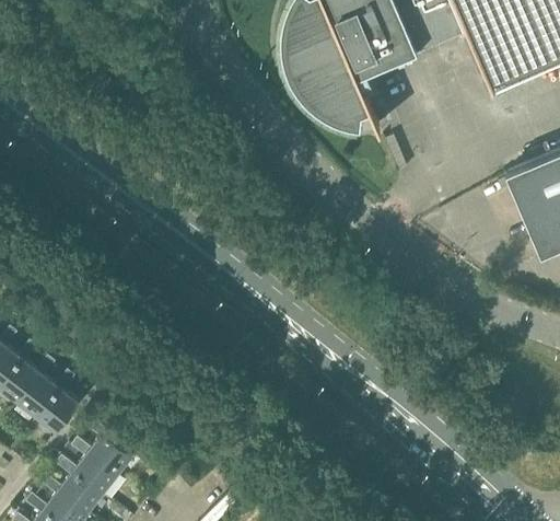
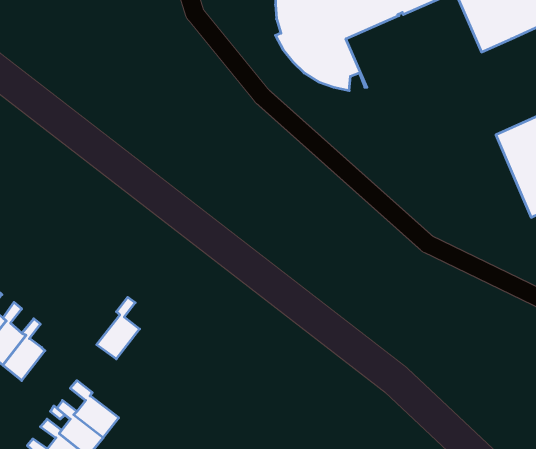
building: [36,373,79,435] -> [97,297,140,359]

